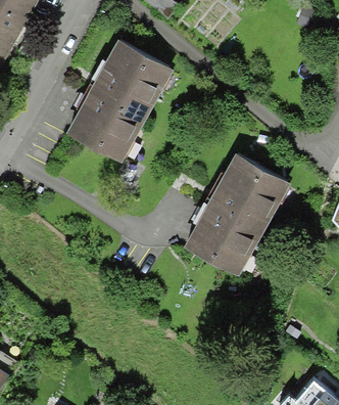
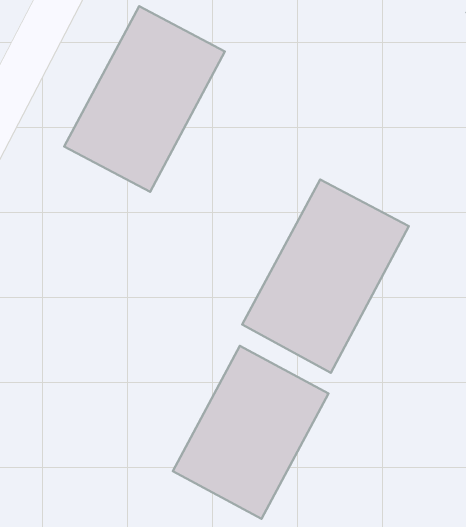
building: none -> [173,346,328,519]

